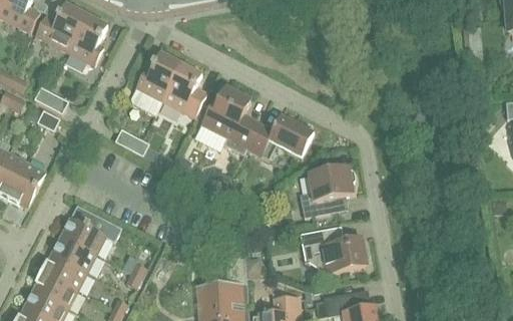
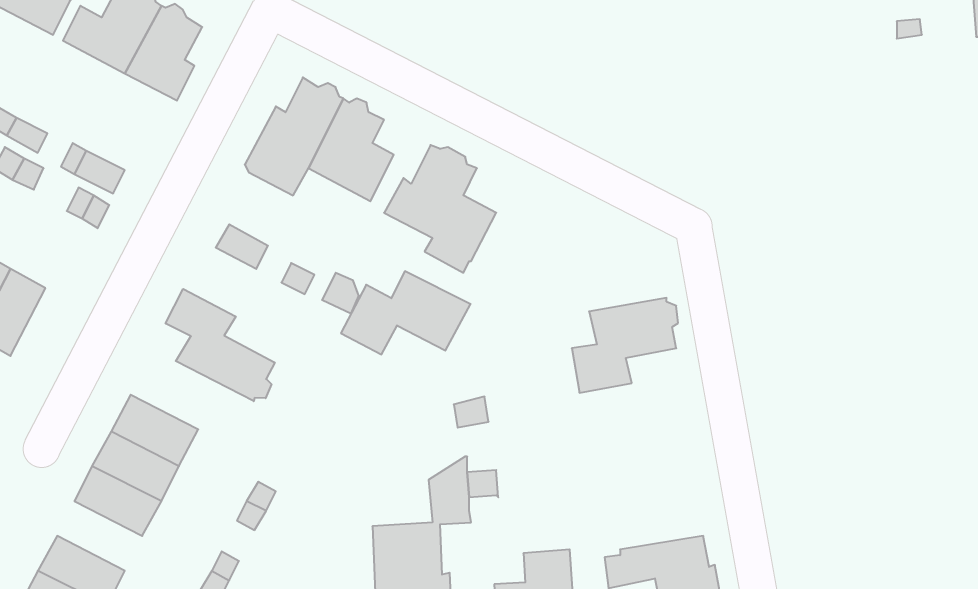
building: [246,115,314,158] -> [341,271,471,354]
building: [8,162,45,207] -> none
building: none -> [166,289,275,401]
building: [299,229,367,275] -> none
building: [32,272,76,308] -> none

